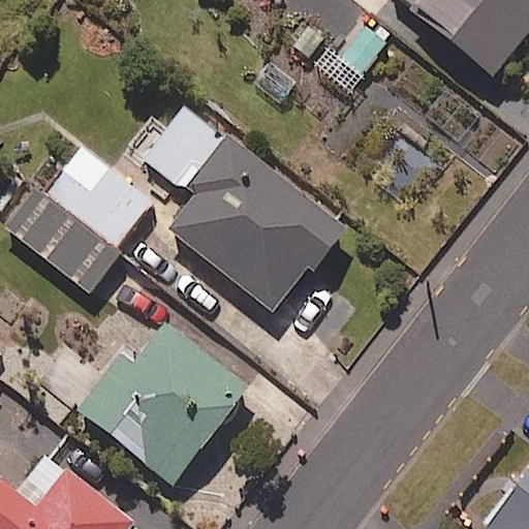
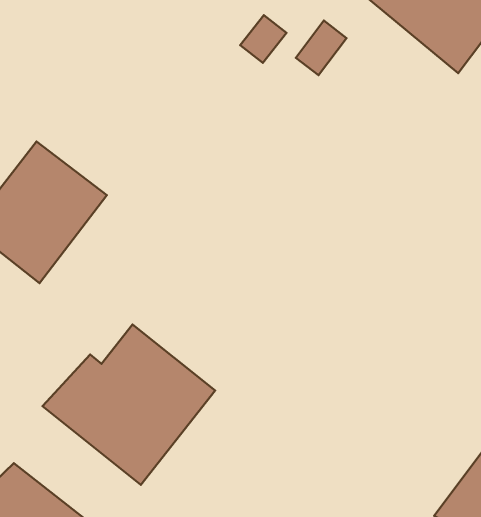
building: [142,112,351,314] -> none

